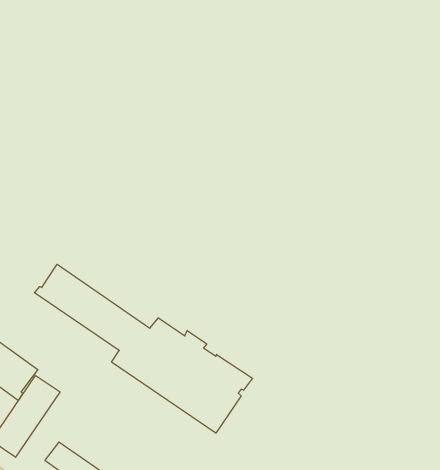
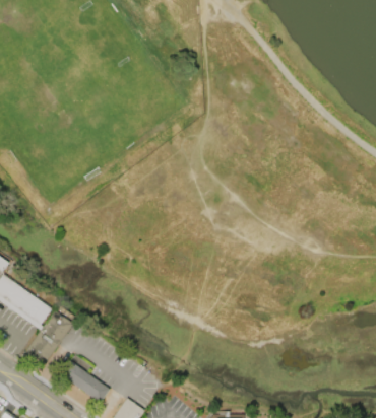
building: [34,264,253,433] -> none

